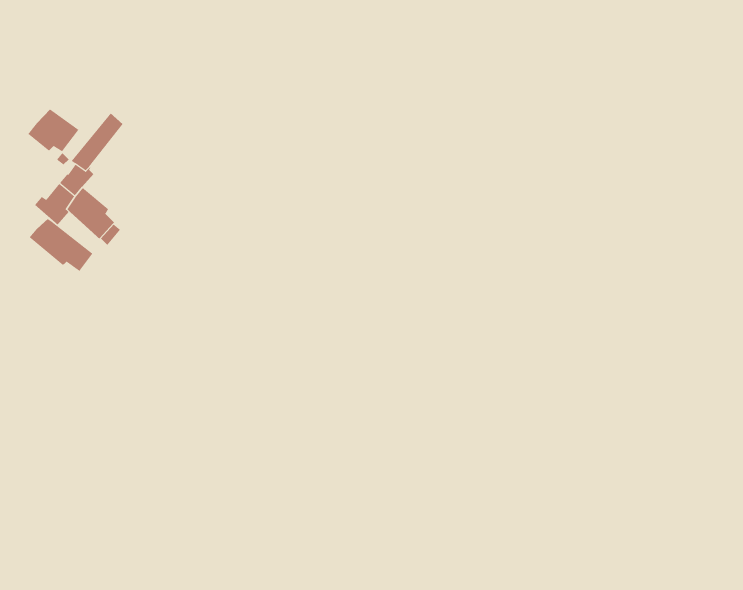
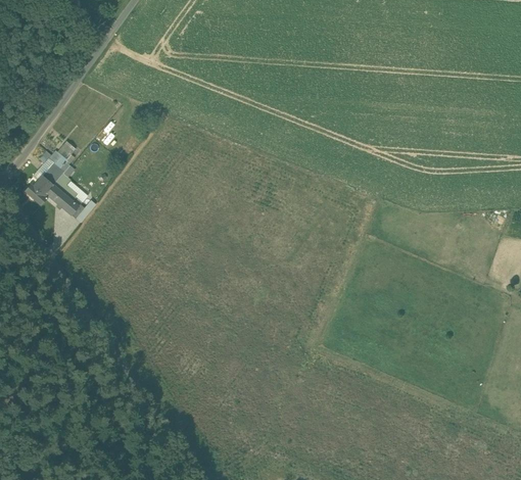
building: [27,109,80,152] -> none
building: [29,218,94,272] -> none

